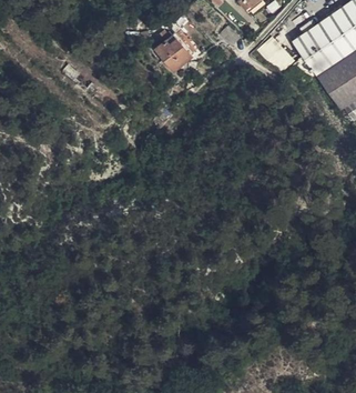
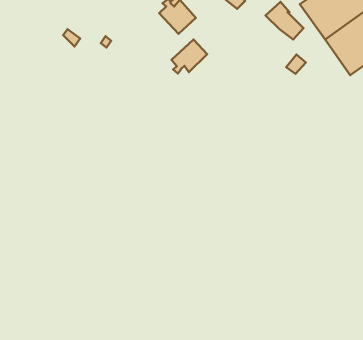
building: none -> [172,39,207,74]

